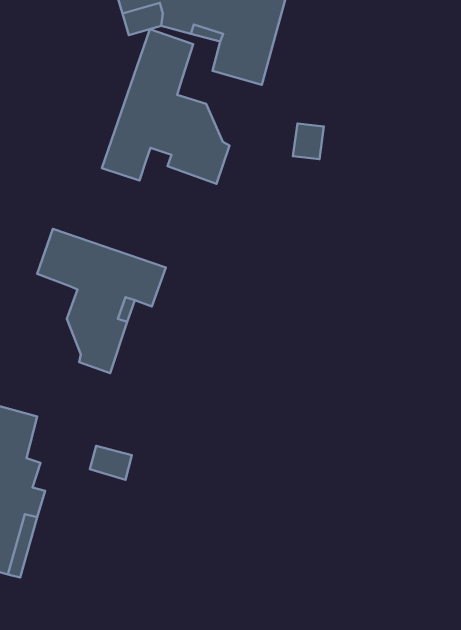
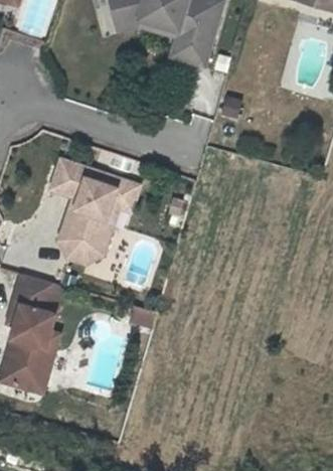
building: [102,29,230,184] -> none
building: none -> [58,200,100,265]

